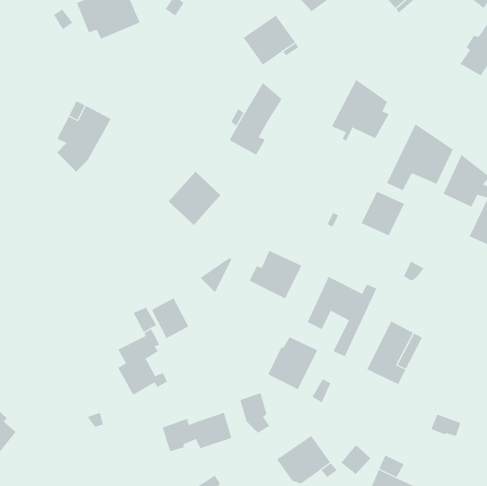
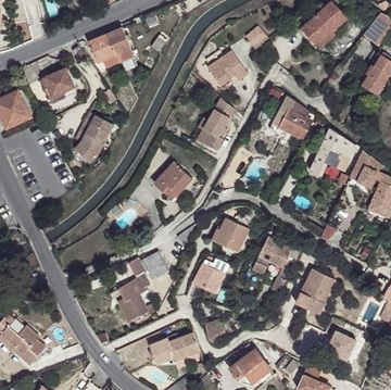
building: none -> [40,68,75,104]
building: [361,191,405,236] -> none
building: [268,336,318,390] -> [192,256,228,294]

